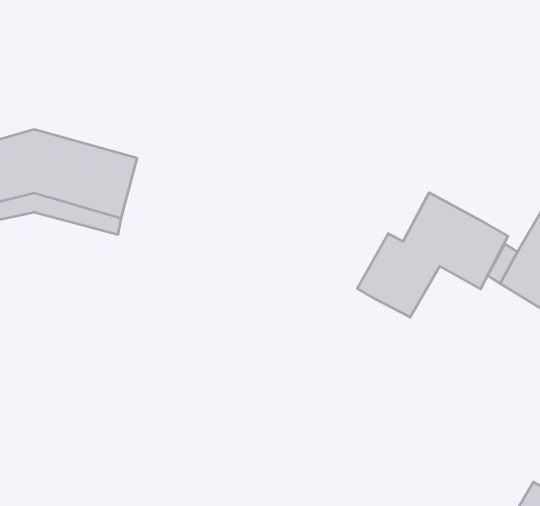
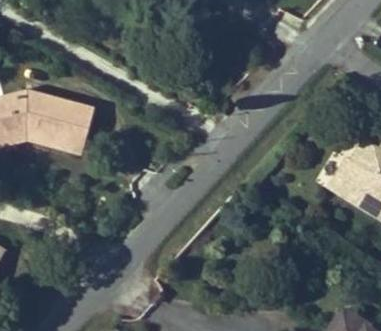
building: [357,193,508,317] -> none

